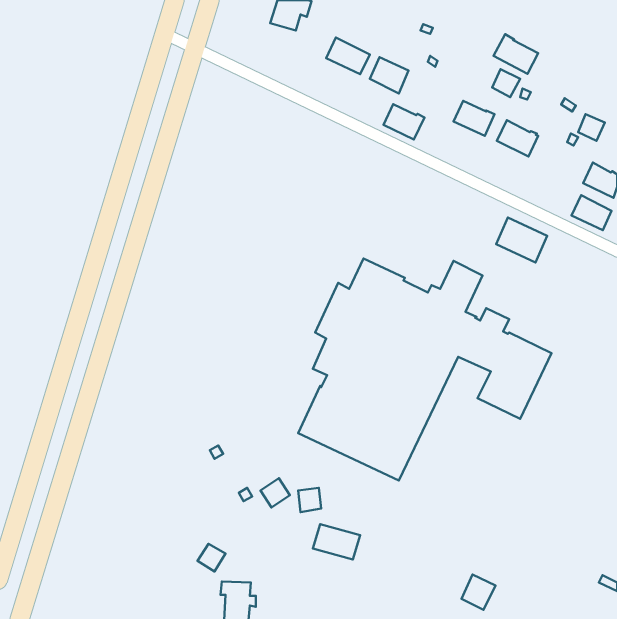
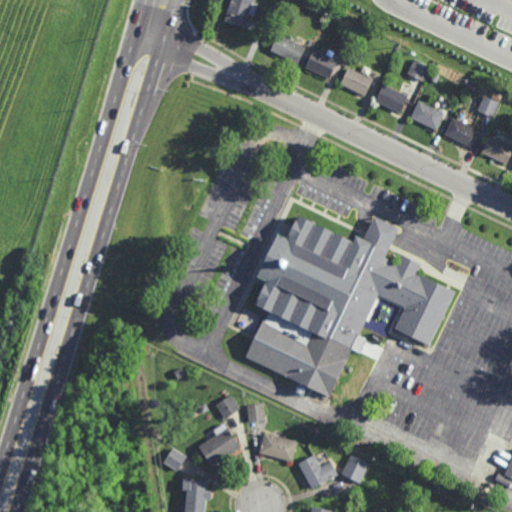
building: [493,34,538,74] -> none
building: [383,104,425,139] -> [339,67,373,96]
building: [571,195,611,230] -> [444,117,477,146]
building: [496,217,547,263] -> none
building: none -> [198,424,240,467]
building: none -> [298,455,337,490]
building: [462,574,496,610] -> [341,455,369,484]

